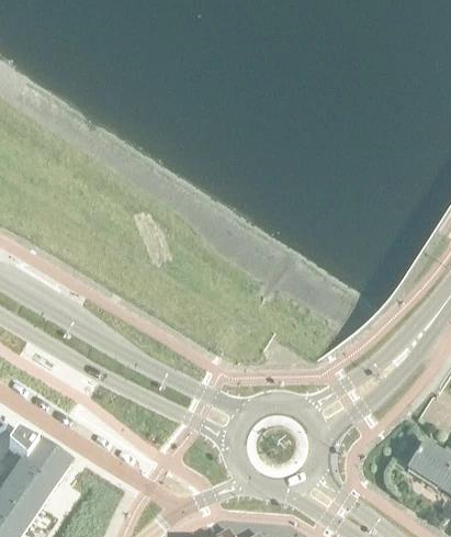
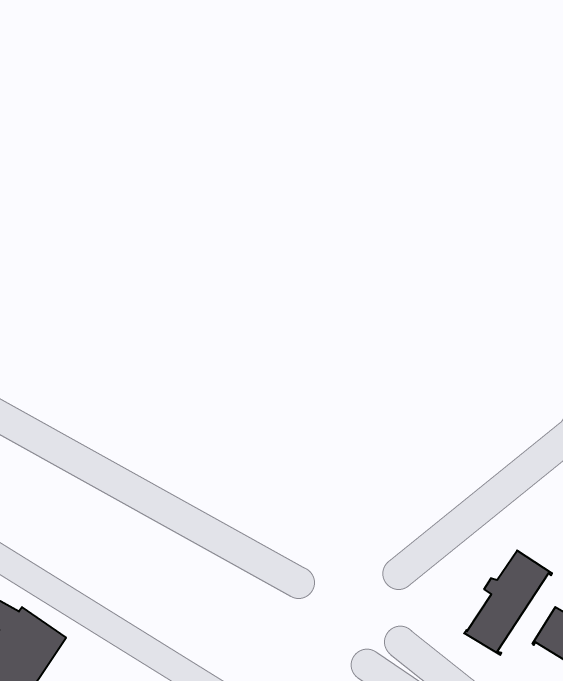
building: none -> [464,550,552,655]

